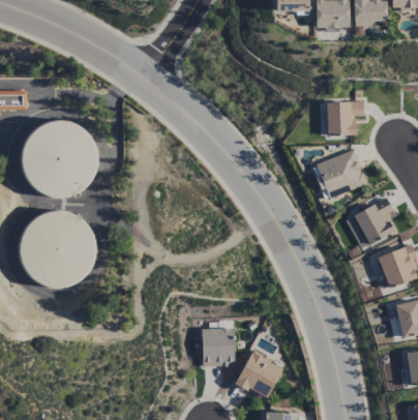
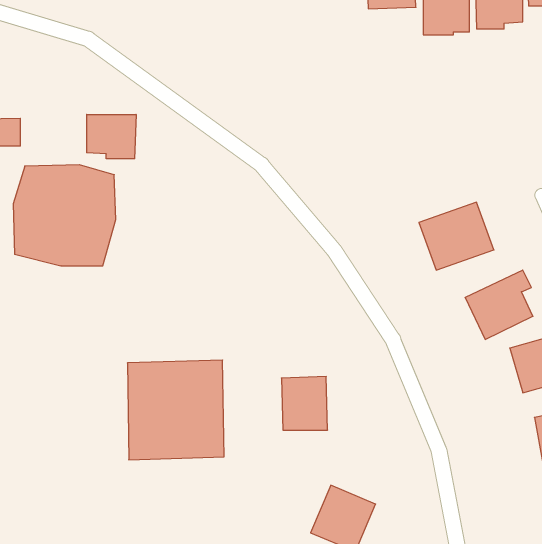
building: none -> [87,114,136,159]
building: [326,100,363,136] -> none
building: [22,214,91,286] -> [127,360,224,460]
building: [201,328,234,366] -> [281,377,328,430]

